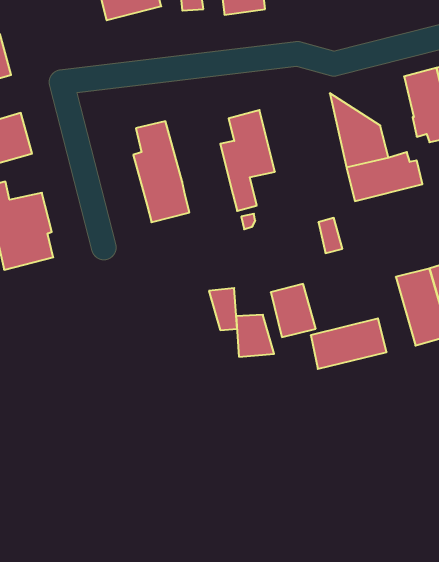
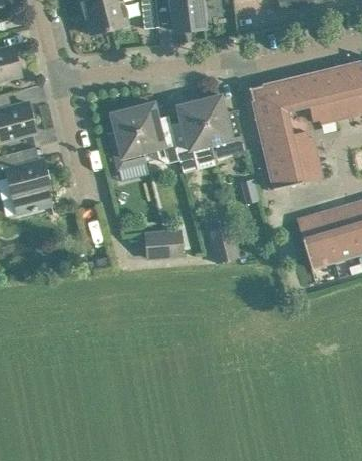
building: none -> [249,75,309,110]
building: none -> [199,94,245,158]
building: none -> [131,101,179,162]
building: [236,315,274,357] -> [143,229,170,259]
building: [311,318,387,369] -> [267,153,321,189]

